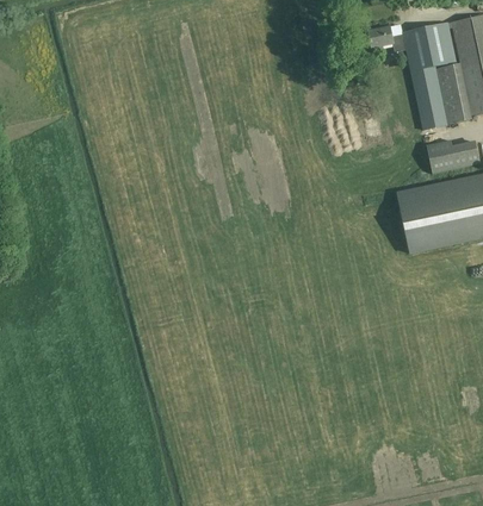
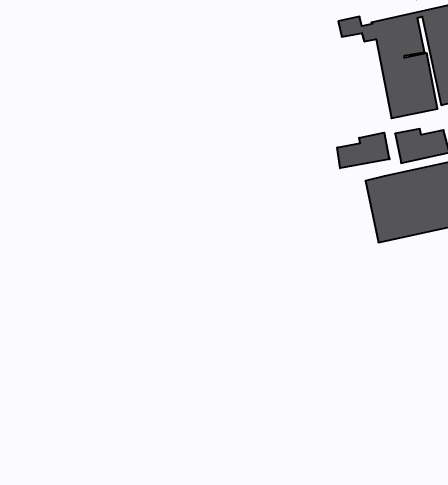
building: none -> [337,133,390,168]

